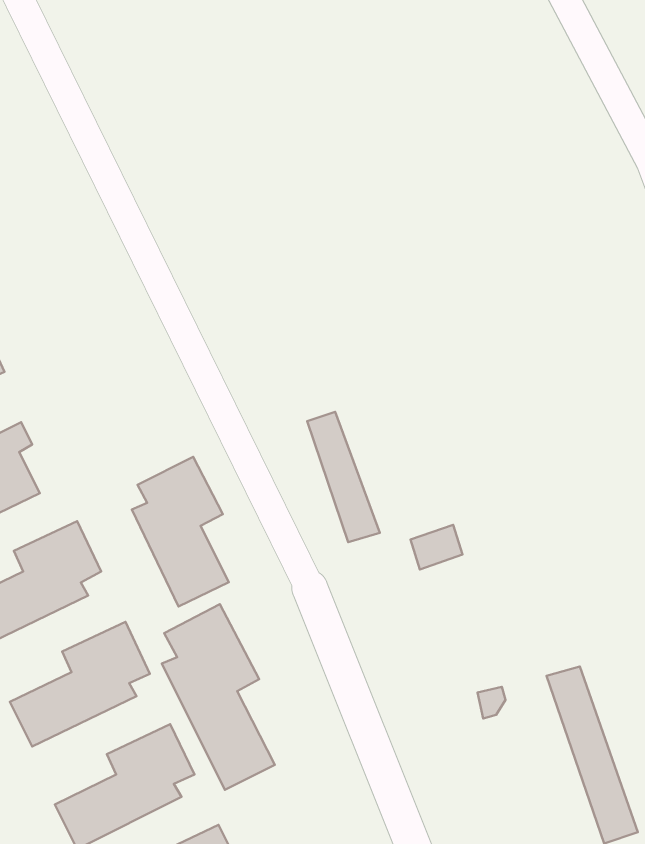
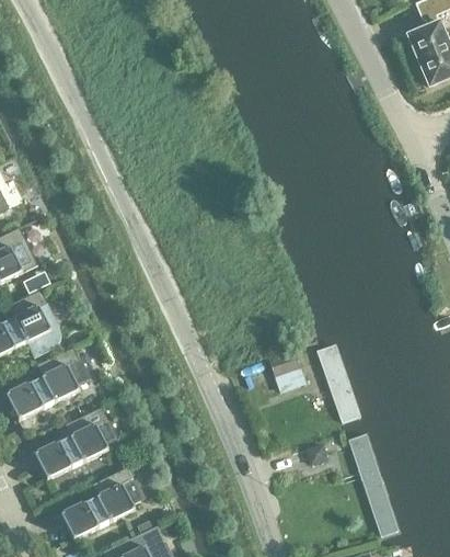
building: [307,412,380,542] -> [316,344,359,421]
building: [132,457,229,606] -> none
building: [162,604,275,790] -> none

